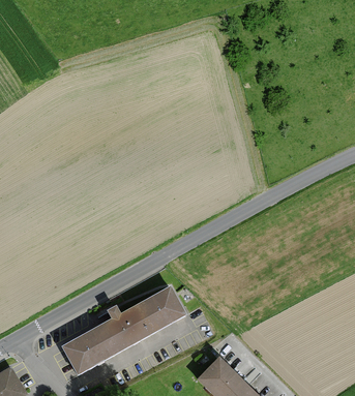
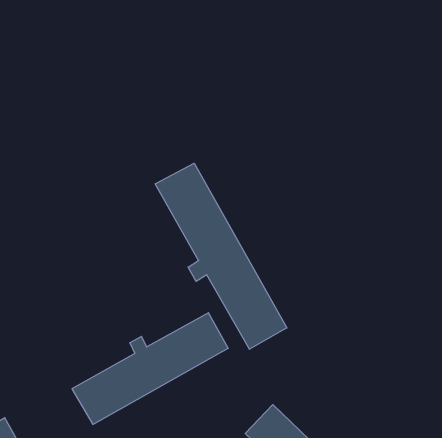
building: none -> [155,163,287,349]

